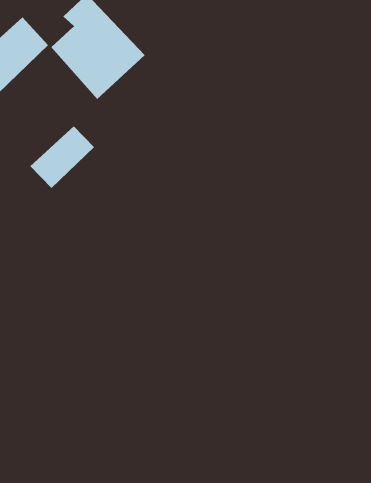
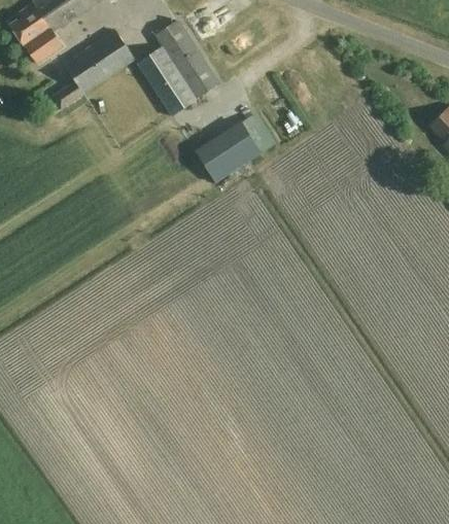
building: [29,125,95,189] -> [202,125,264,178]

